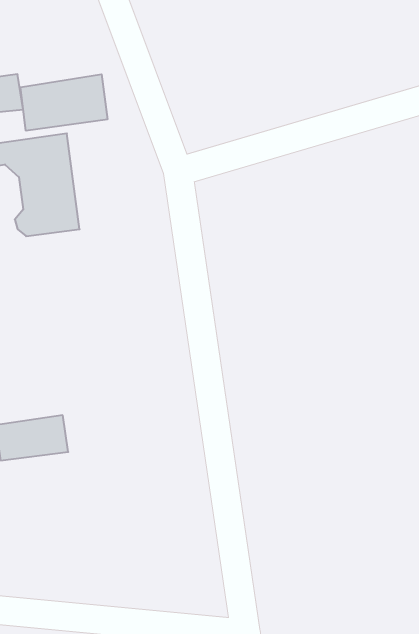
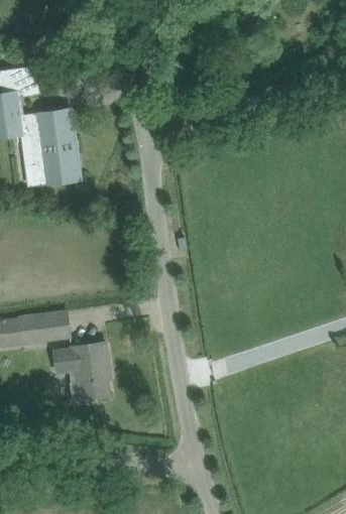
building: [20,74,107,131] -> none
building: none -> [52,342,109,403]

